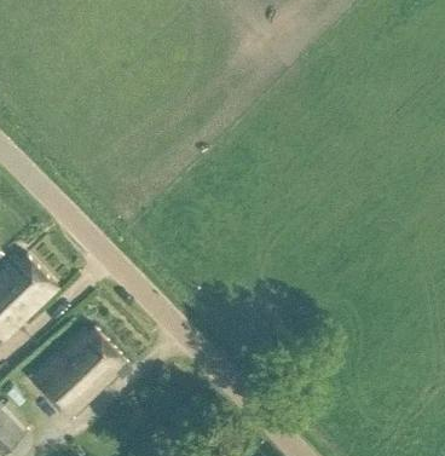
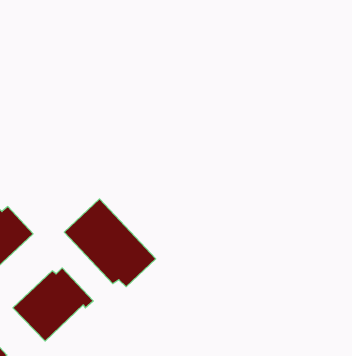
building: none -> [64,199,156,287]

